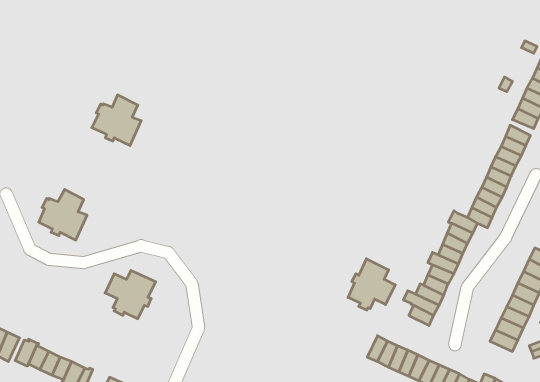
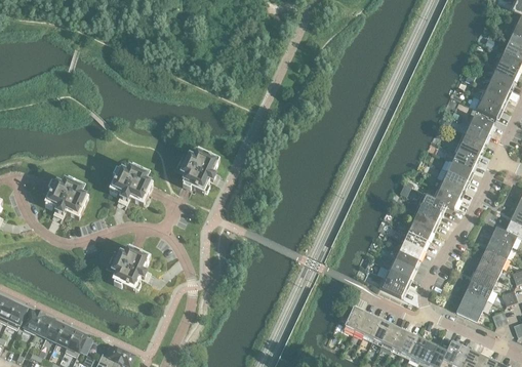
building: [92,95,141,146] -> [108,160,153,206]
building: none -> [173,150,219,194]
building: [348,259,395,310] -> none

